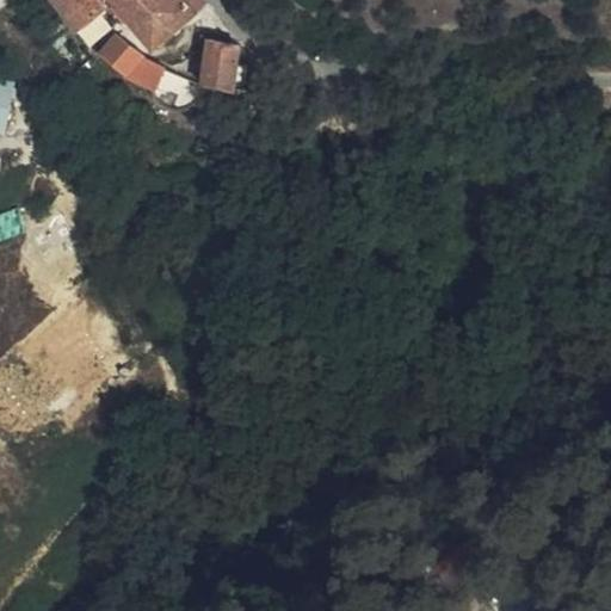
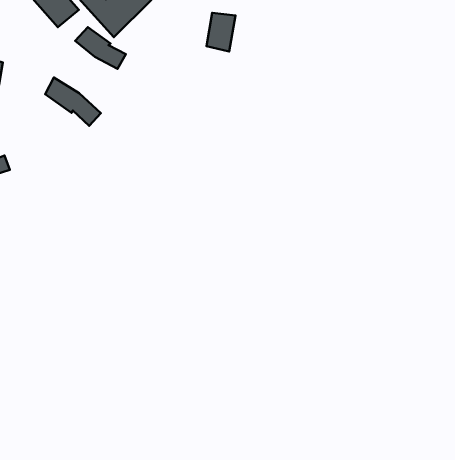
building: [198,37,236,88] -> [207,13,236,52]
building: none -> [45,77,101,126]

